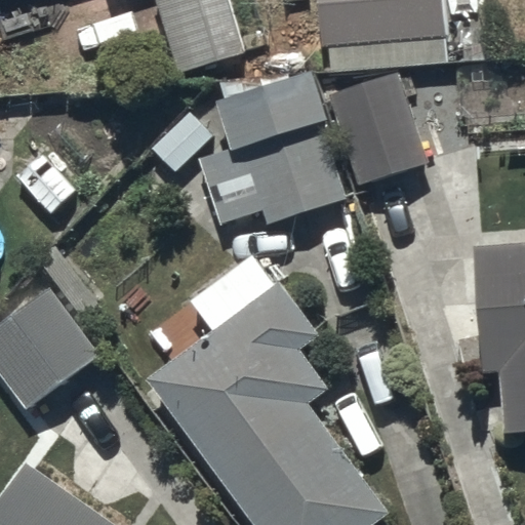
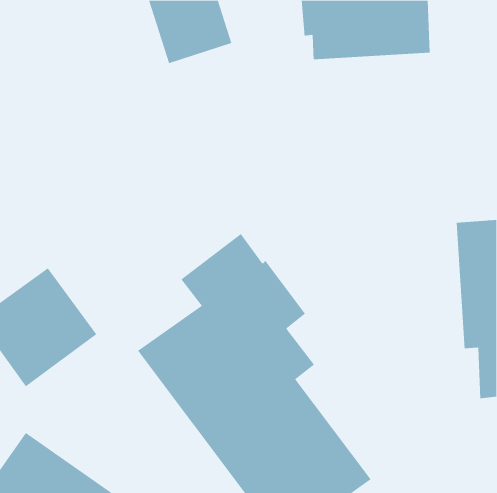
building: [195,57,347,229] -> none
building: [332,75,427,184] -> none

